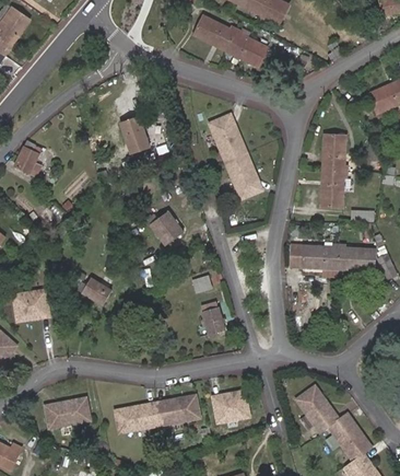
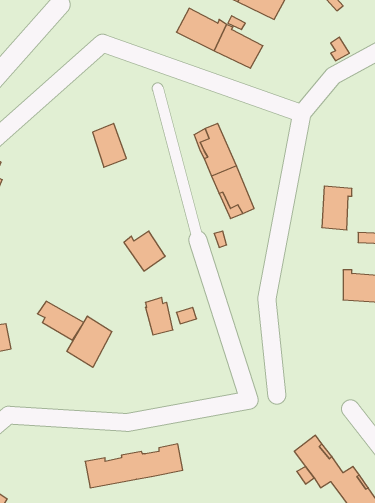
building: [322,132,348,172] -> none
building: [291,242,339,269] -> none
building: none -> [67,316,112,367]
building: [201,301,225,334] -> [145,297,173,335]
building: [213,391,248,422] -> none
building: [45,398,90,428] -> none

